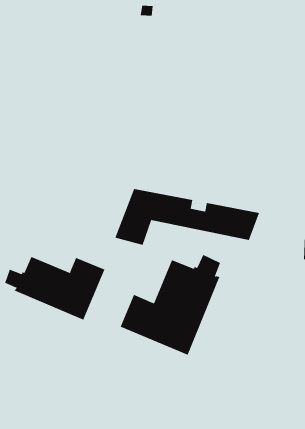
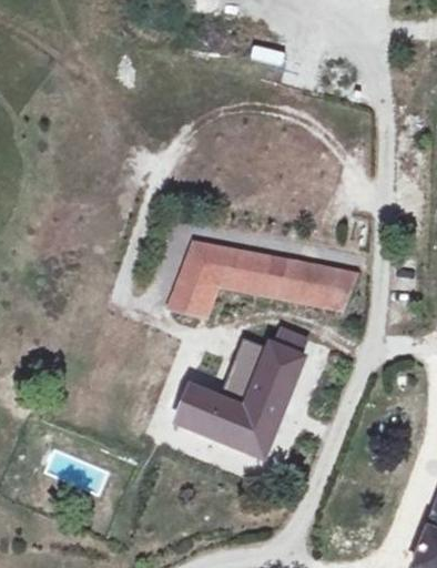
building: [5,256,105,321] -> none

